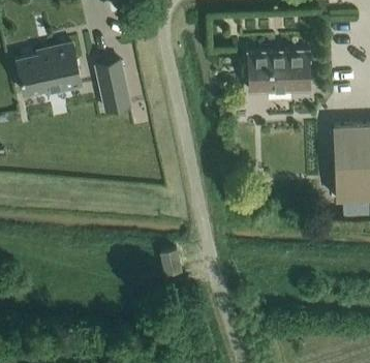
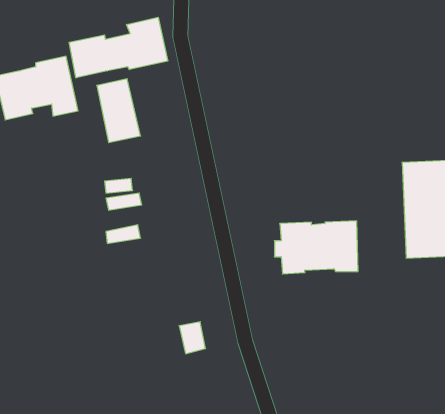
building: none -> [69,17,168,78]
building: [244,54,309,95] -> [274,221,358,274]

